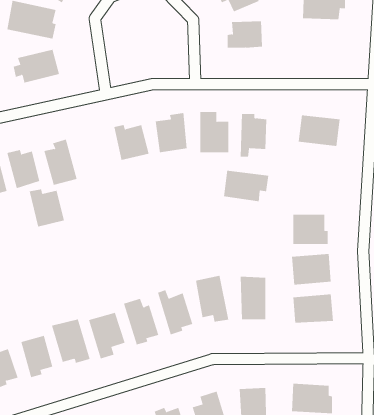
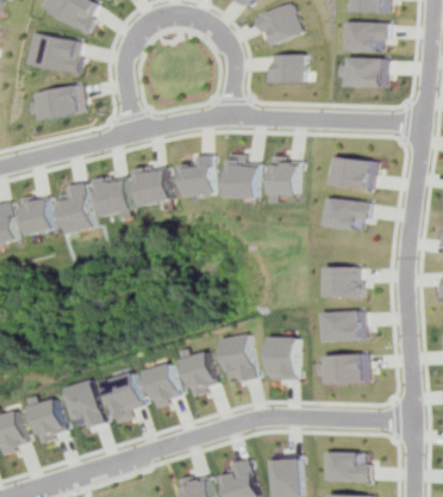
building: none -> [337,57,385,87]
building: [223,170,269,202] -> [327,197,378,231]
building: [29,189,65,227] -> [94,175,133,217]

